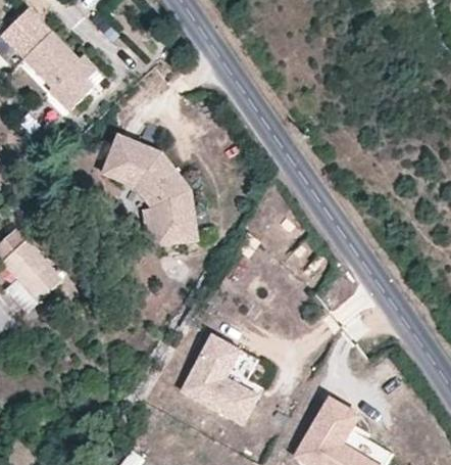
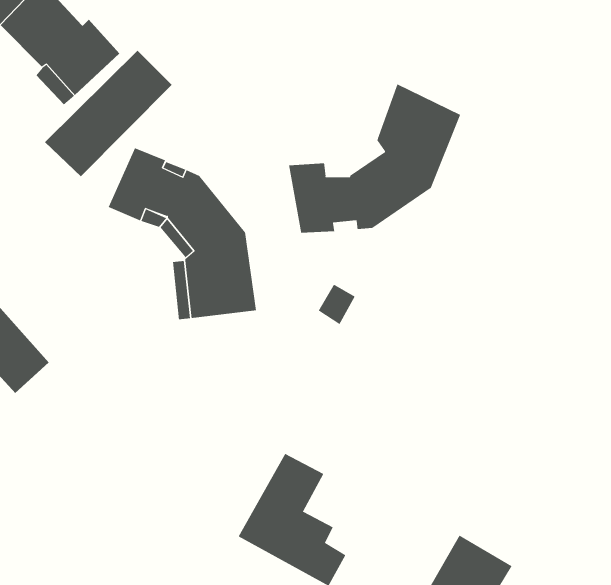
building: none -> [44,50,172,177]
building: none -> [288,84,461,233]

